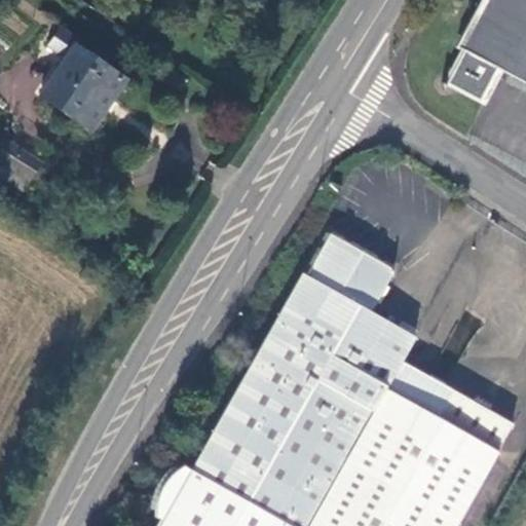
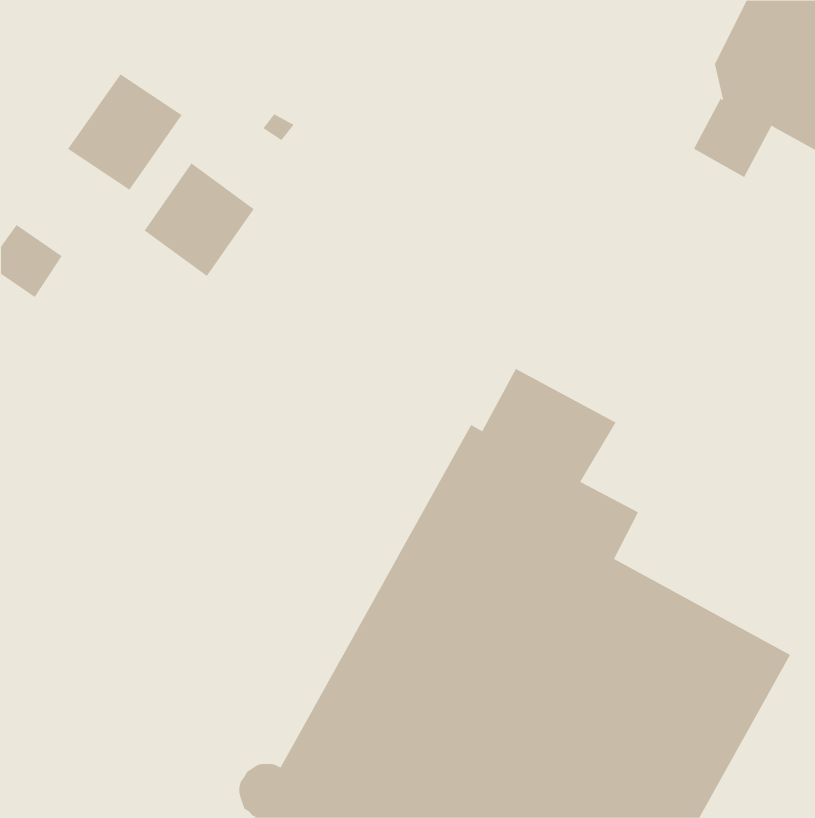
building: none -> [144,163,255,277]

